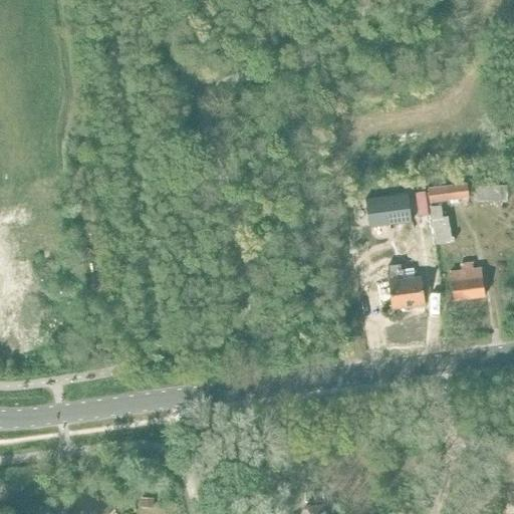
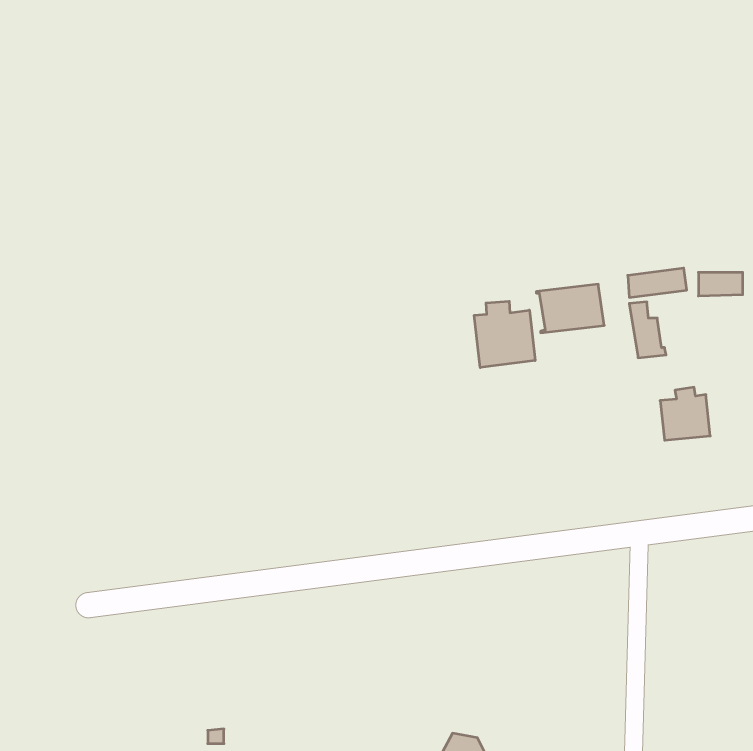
building: none -> [474,301,535,368]
building: [387,265,425,308] -> none

